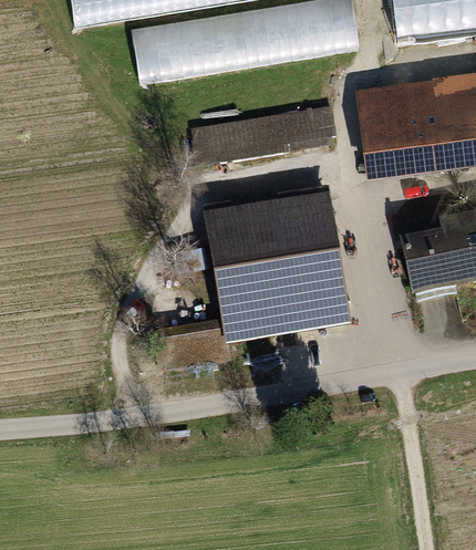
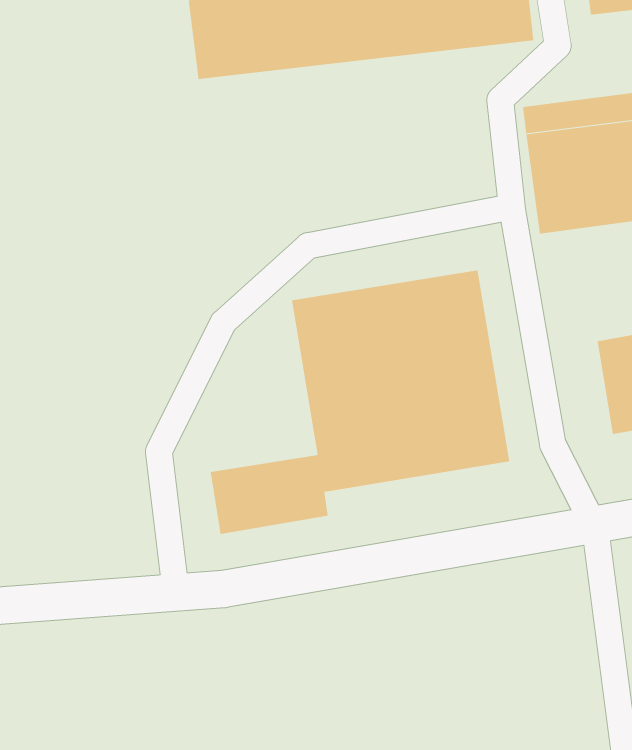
building: [190,105,334,164] -> none

